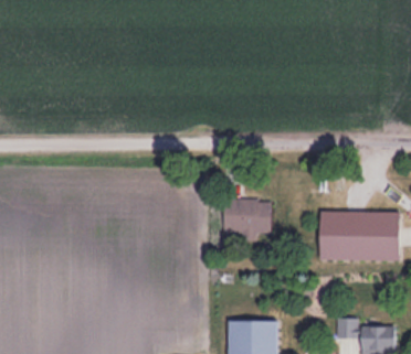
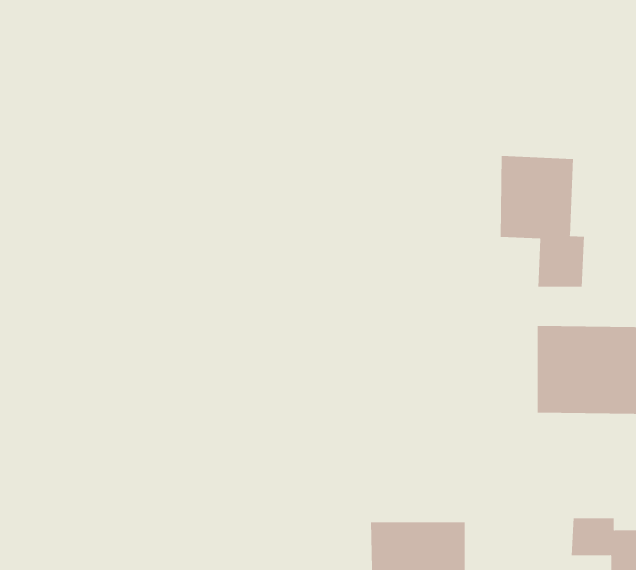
building: none -> [500,155,584,287]
building: [223,199,272,240] -> none

